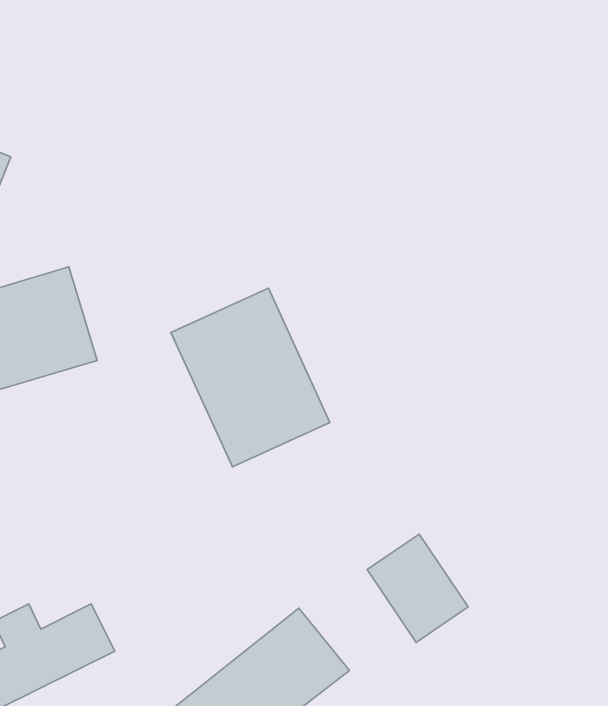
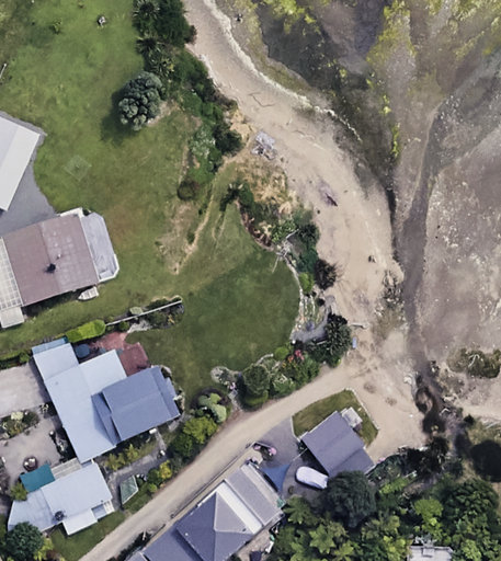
building: [171,288,330,467] -> none
building: none -> [33,341,184,461]

